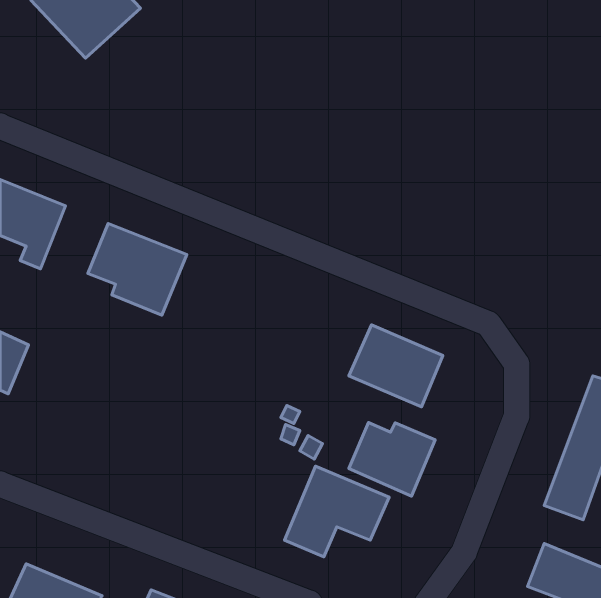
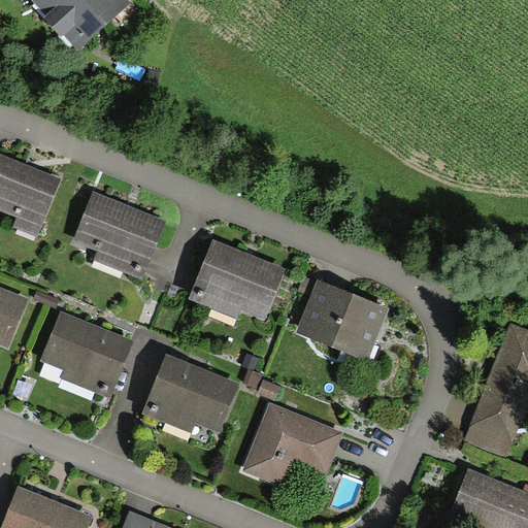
building: none -> [195,244,280,317]
building: none -> [45,312,130,392]
building: none -> [145,354,237,428]
building: [349,423,435,496] -> none

